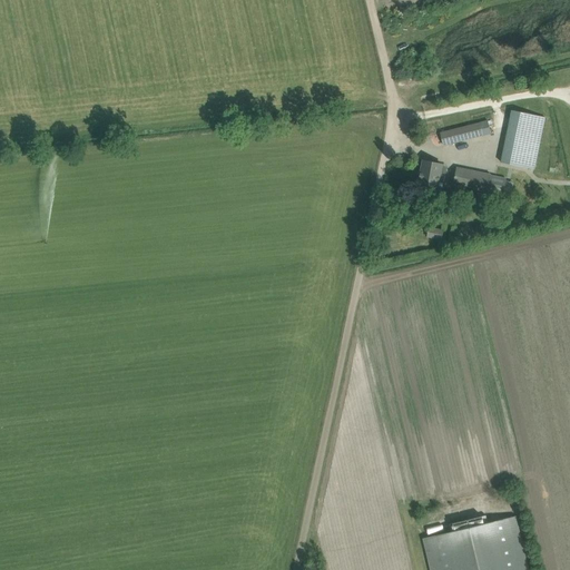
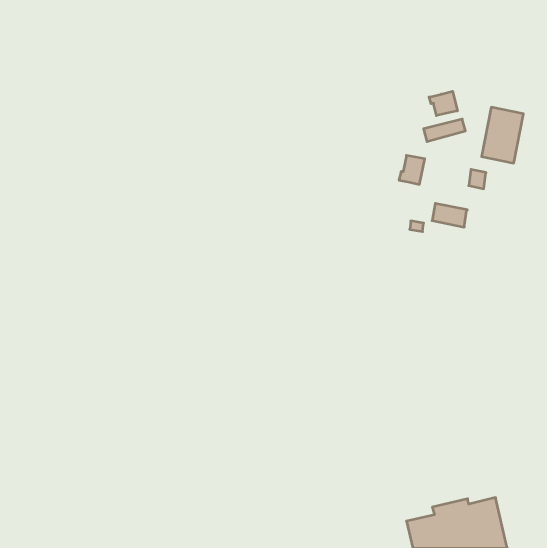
building: none -> [429,91,457,116]
building: [453,168,490,193] -> [432,203,467,227]

